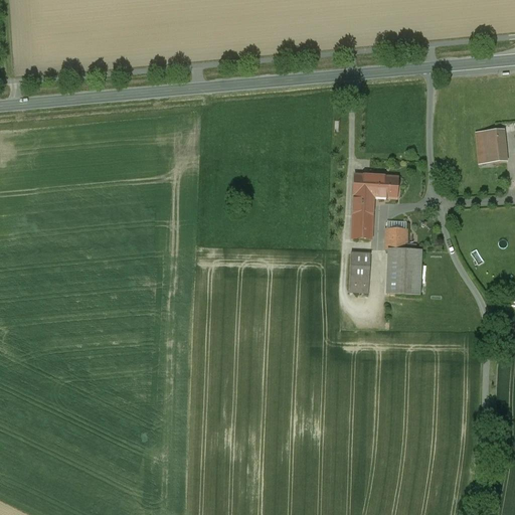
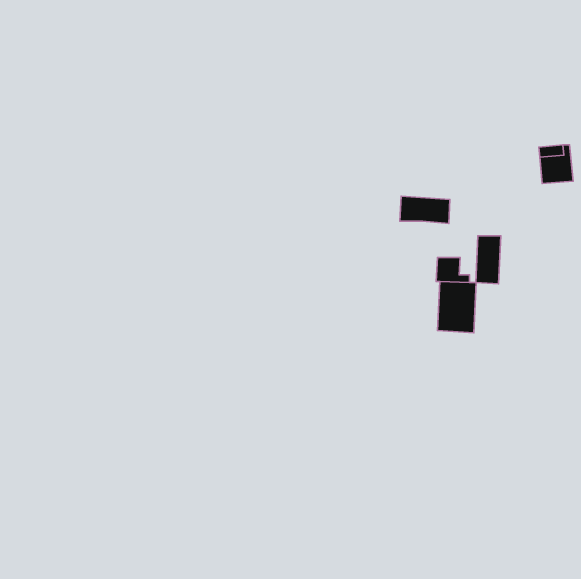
building: [352,195,374,237] -> [476,236,501,284]
building: [349,252,371,292] -> none

